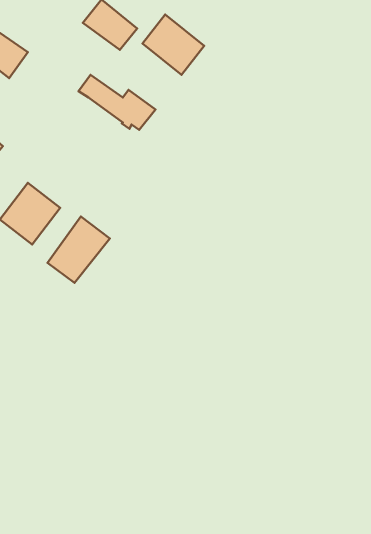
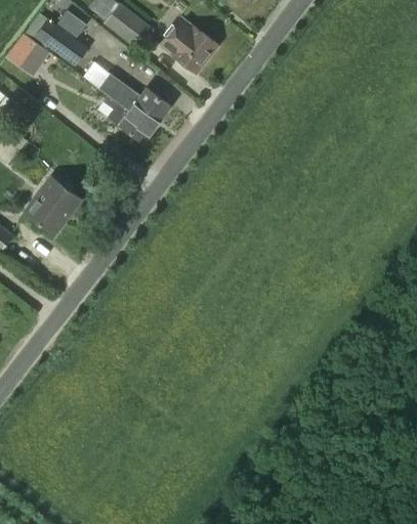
building: none -> [34,17,88,66]
building: none -> [102,94,156,142]
building: [47,216,110,283] -> none

